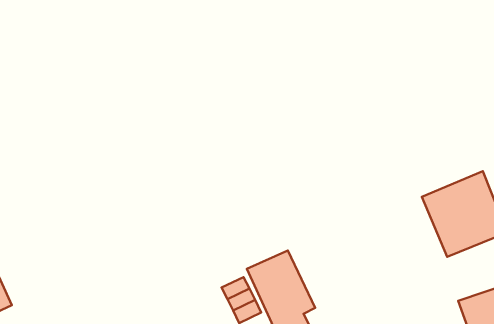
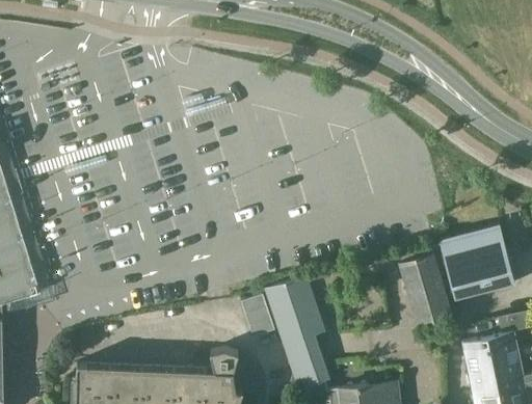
building: none -> [398,254,451,330]

